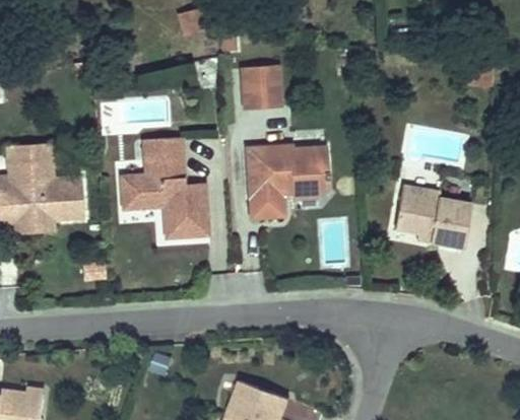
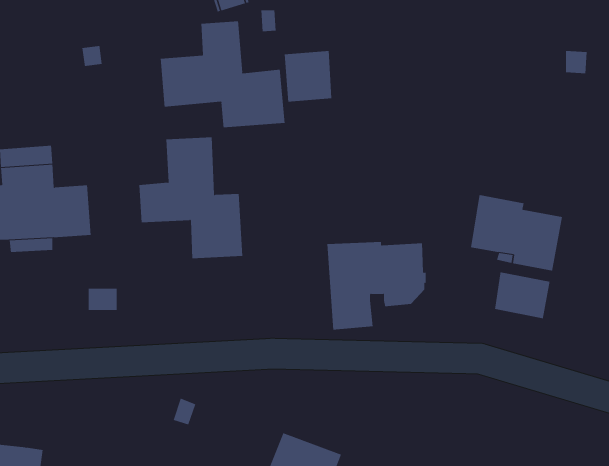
building: none -> [160,21,285,128]
building: [246,145,328,218] -> [326,241,426,330]
building: none -> [494,272,550,319]

